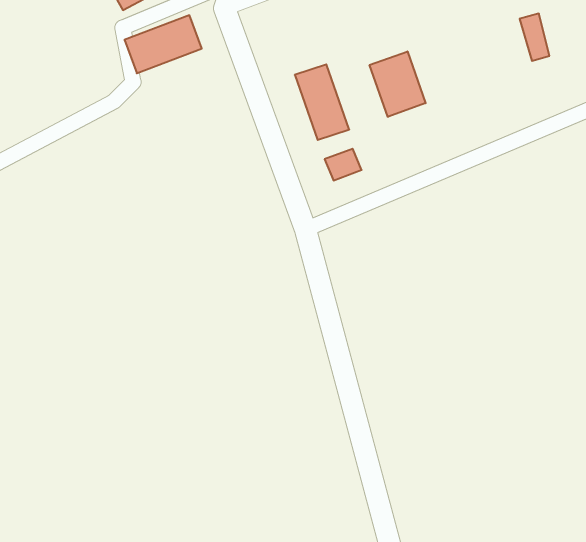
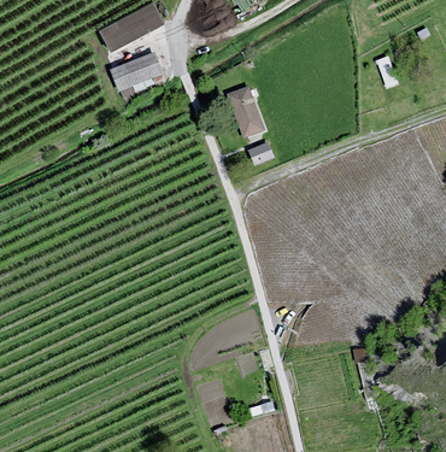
building: [370,51,426,117] -> none

